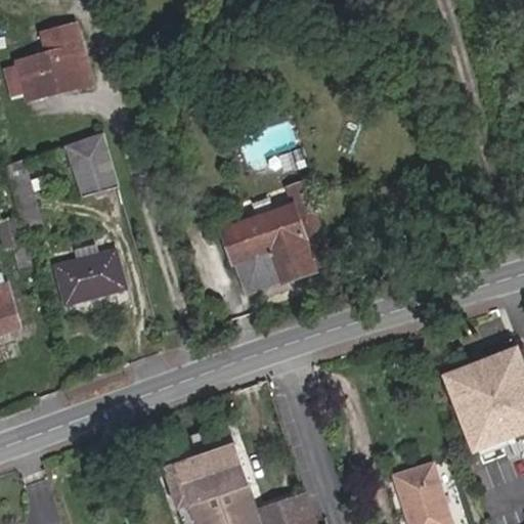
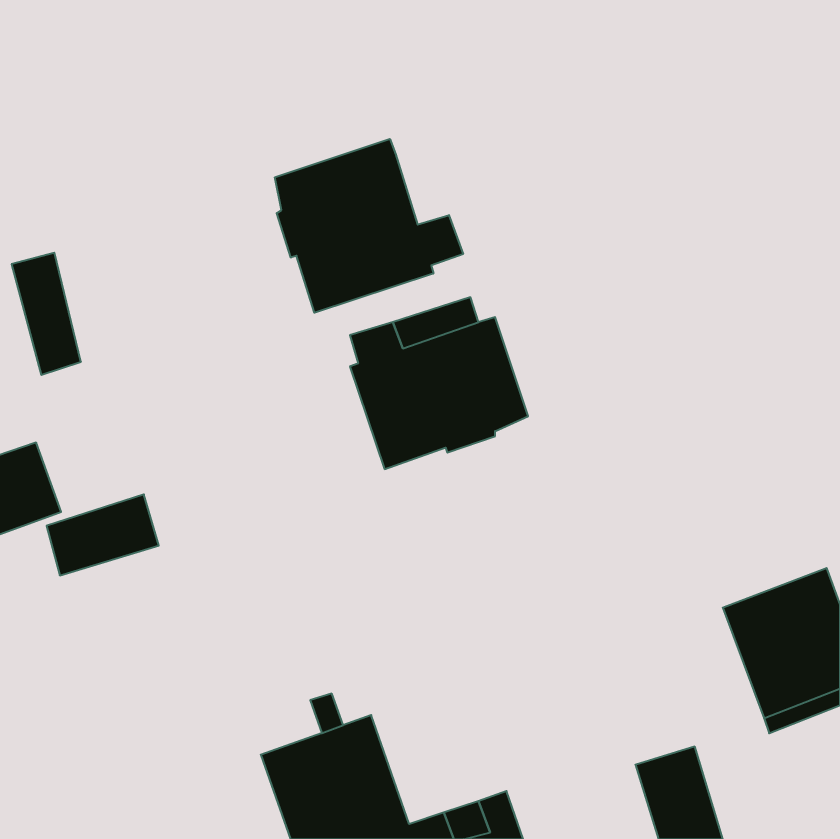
building: [8,23,90,107] -> none
building: none -> [275,139,463,313]
building: [64,138,117,198] -> none
building: [58,249,128,299] -> [47,494,159,575]

